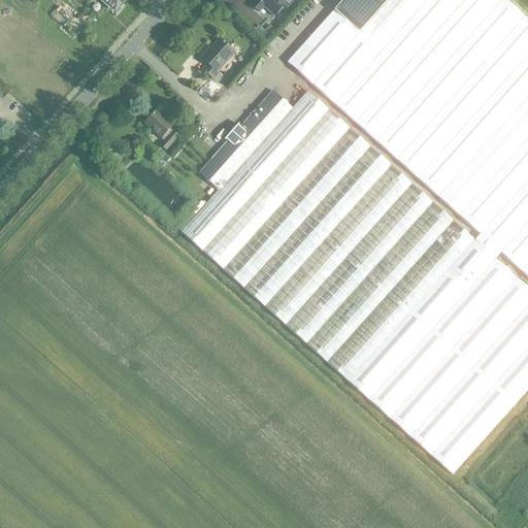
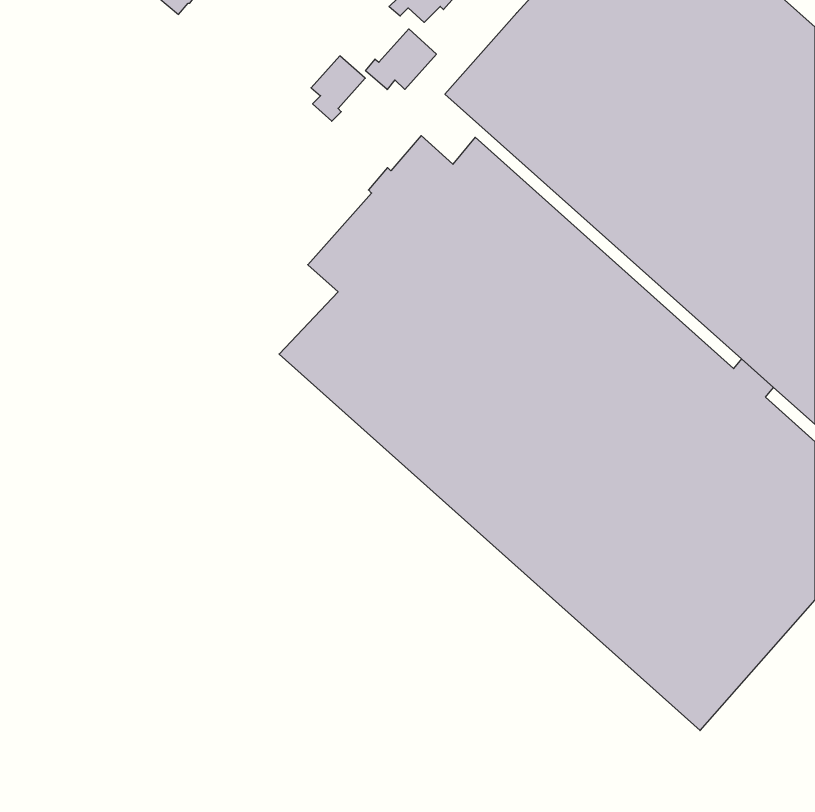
building: none -> [366,29,436,90]
building: [144,107,178,146] -> none

